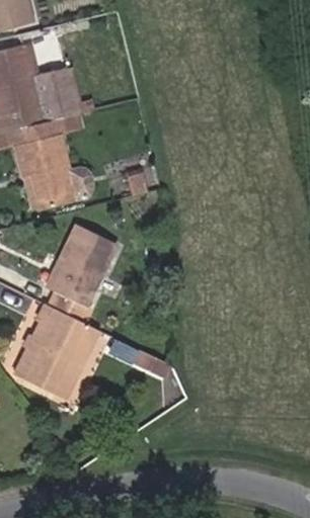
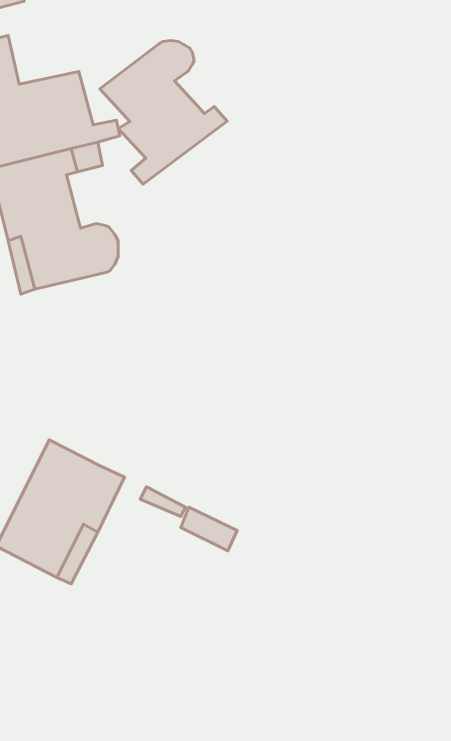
building: none -> [100,41,227,184]
building: [47,224,117,322] -> none

